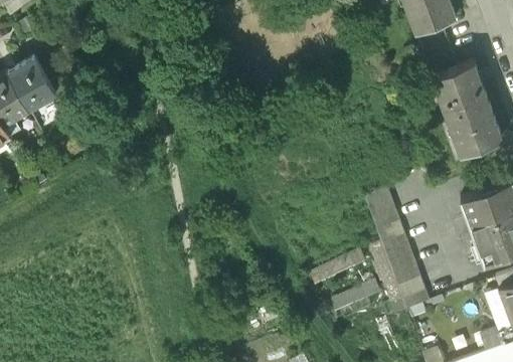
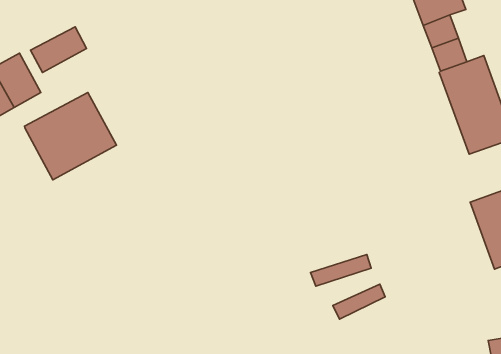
building: none -> [30,27,86,72]
building: none -> [25,92,116,180]
building: [364,186,429,311] -> none

